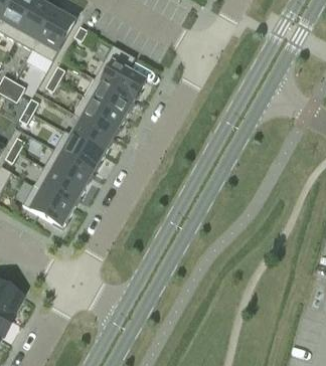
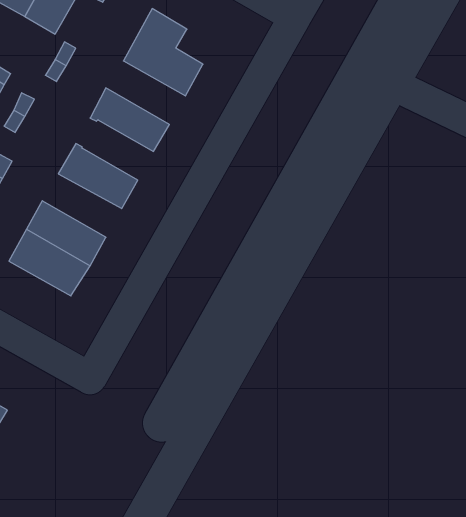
building: [85,76,135,117] -> none
building: [69,114,115,152] -> none
building: [44,148,95,188] -> none

